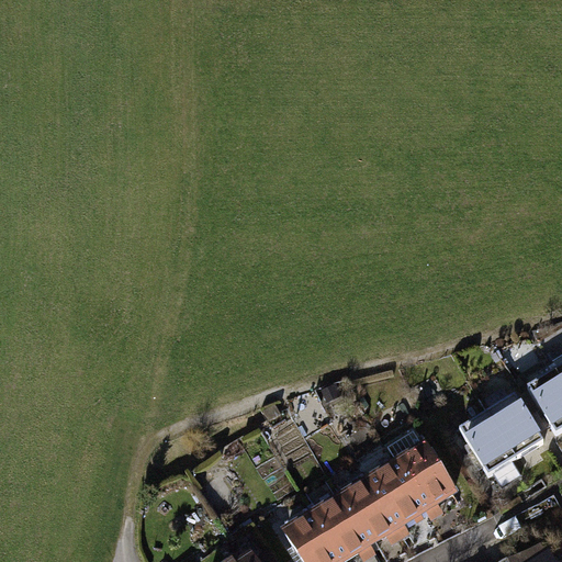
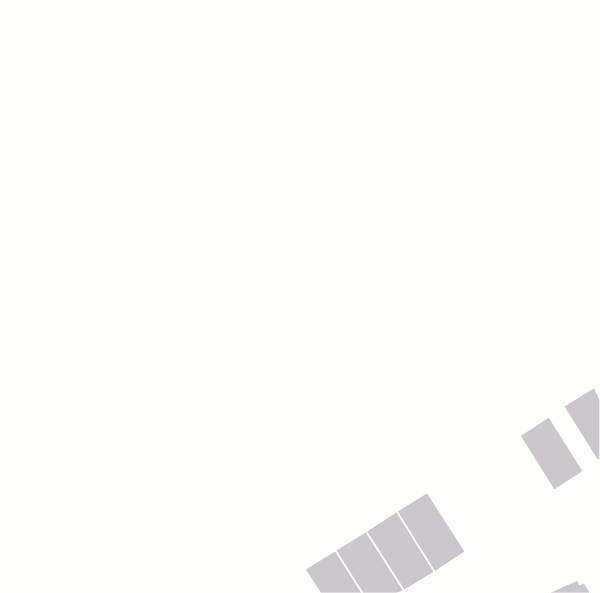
building: [454,405,515,473] -> none
building: [397,440,461,513] -> none

